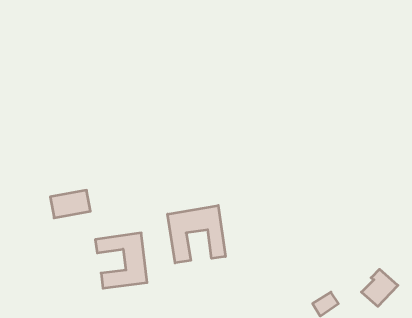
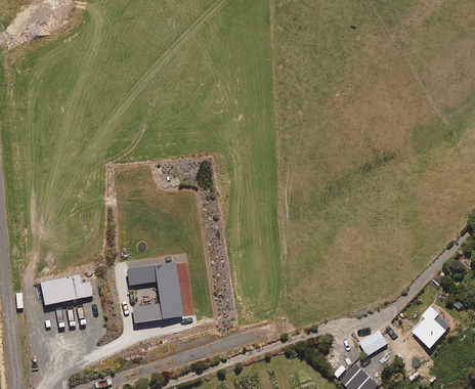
building: [50,190,90,218] -> [41,278,84,308]
building: [168,205,225,263] -> none

